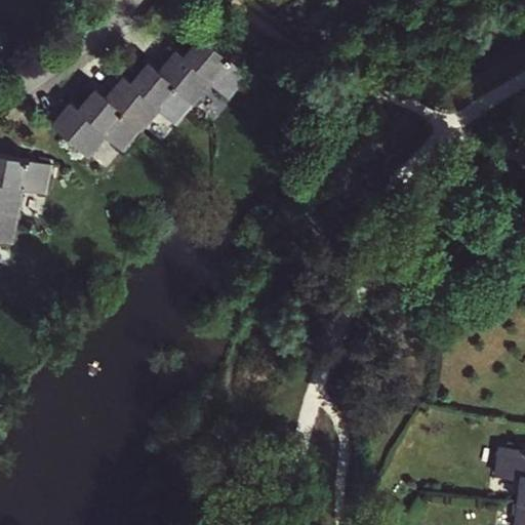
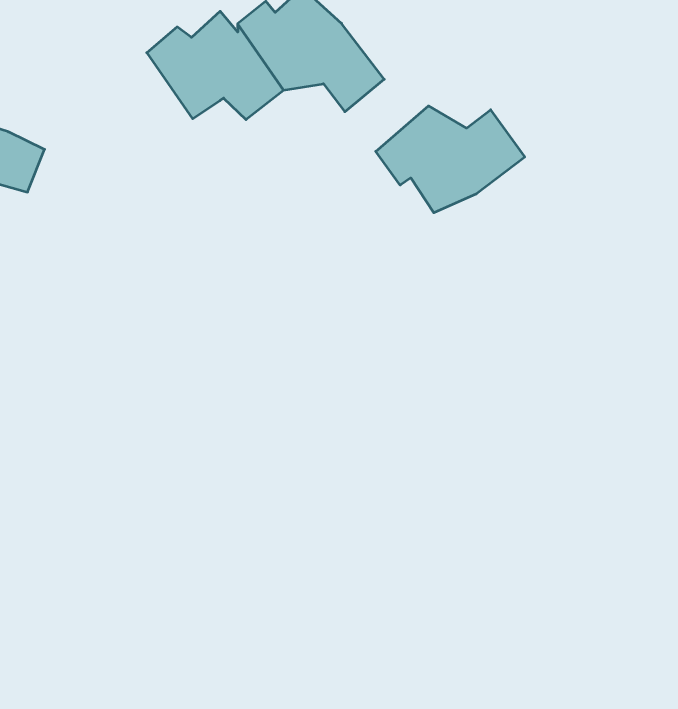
building: [50,86,142,160] -> none
building: none -> [376,106,525,213]

